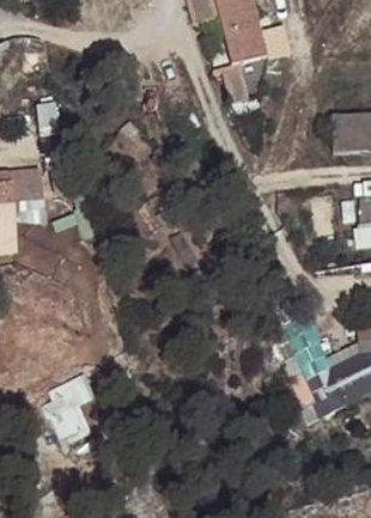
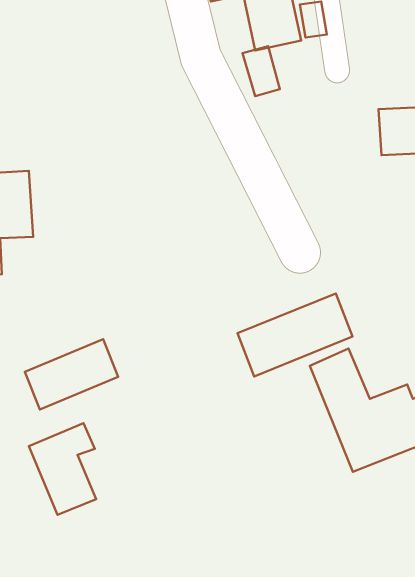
building: none -> [237,293,352,376]
building: none -> [25,339,118,410]

